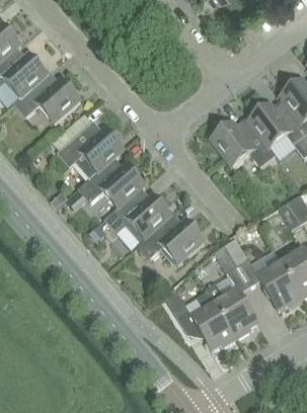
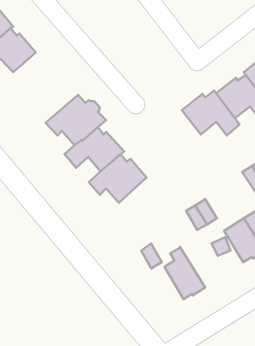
building: [12,70,80,122] -> none
building: [138,211,205,263] -> none
building: [206,284,258,337] -> none

